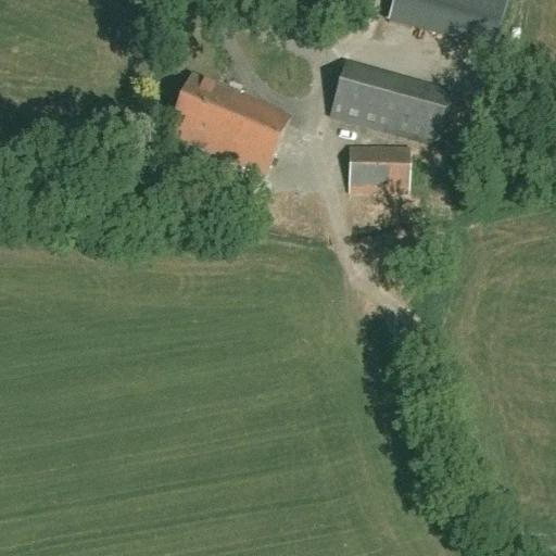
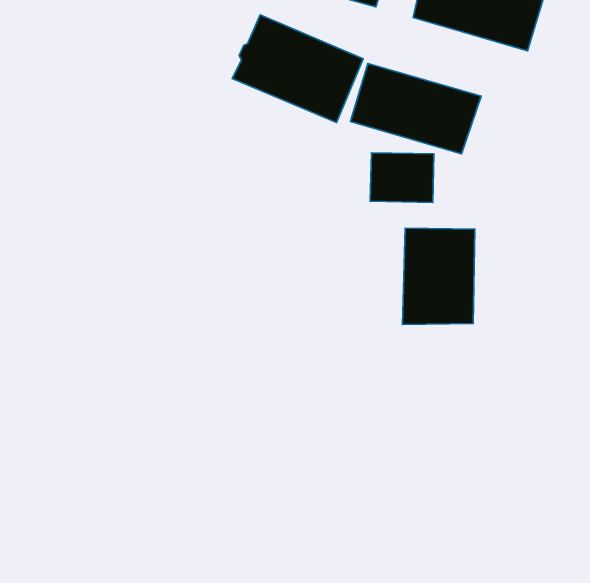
building: [166,73,289,174] -> [232,15,363,123]
building: none -> [403,228,475,324]

